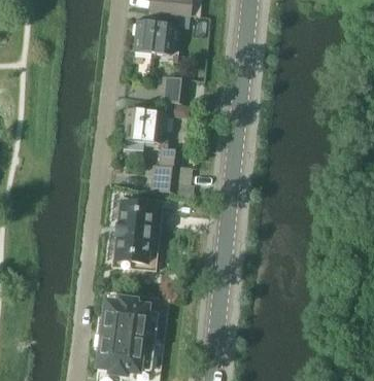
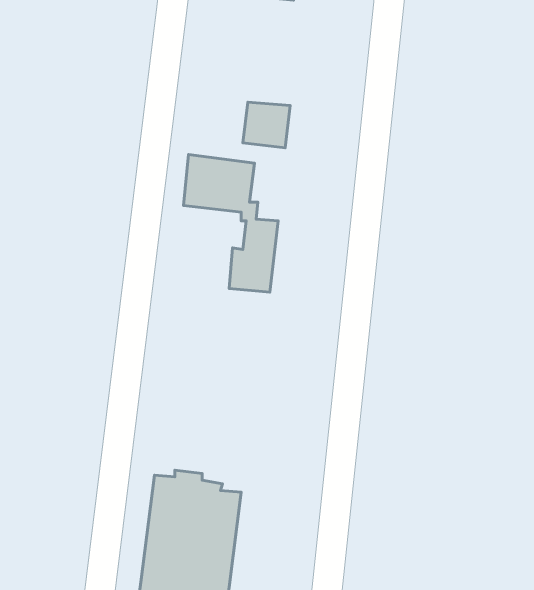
building: [136,20,180,61] -> none
building: [111,196,164,270] -> none

